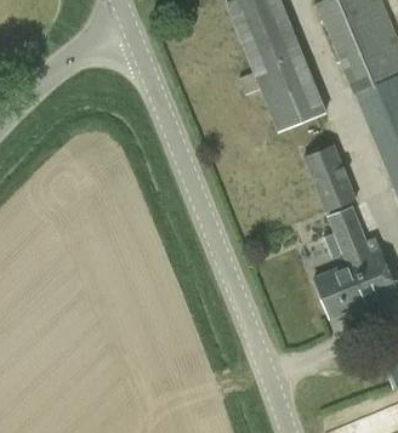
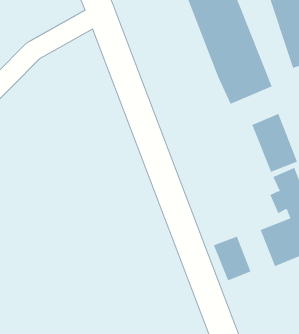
building: none -> [213,236,251,281]

